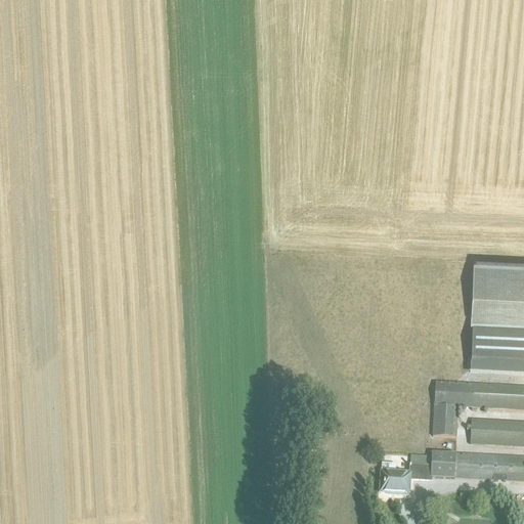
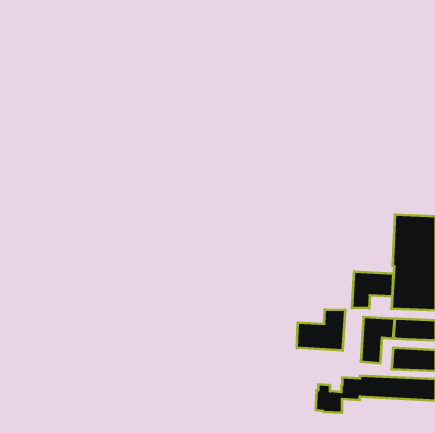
building: none -> [352,271,393,308]
building: none -> [297,309,345,351]

